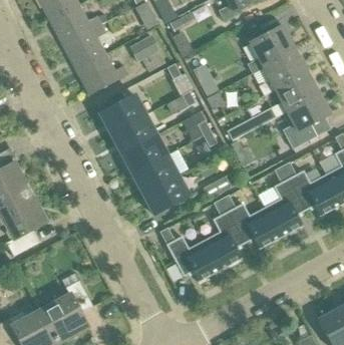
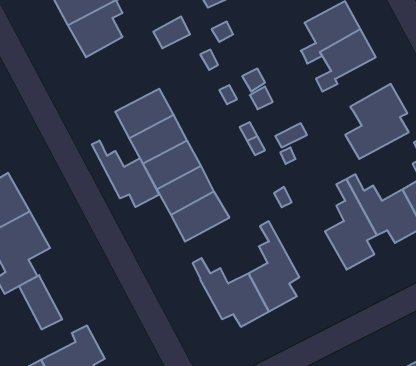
building: [76,52,127,93] -> none
building: [269,68,317,117] -> none
building: none -> [92,140,159,207]
building: [221,194,282,248] -> none
building: none -> [19,275,62,330]

